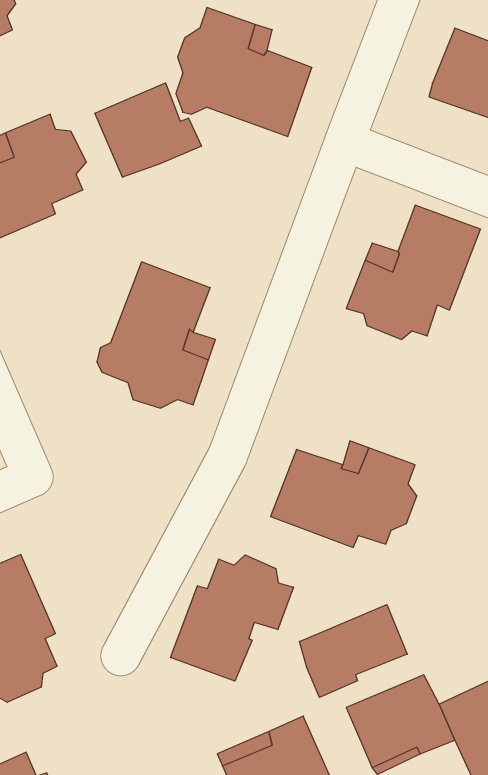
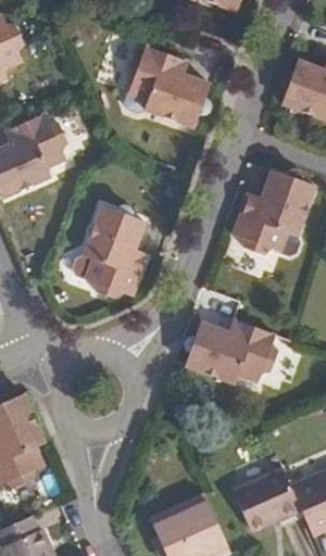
building: [95,83,201,177] -> none
building: [170,555,293,681] -> none
building: [299,605,407,697] -> none

